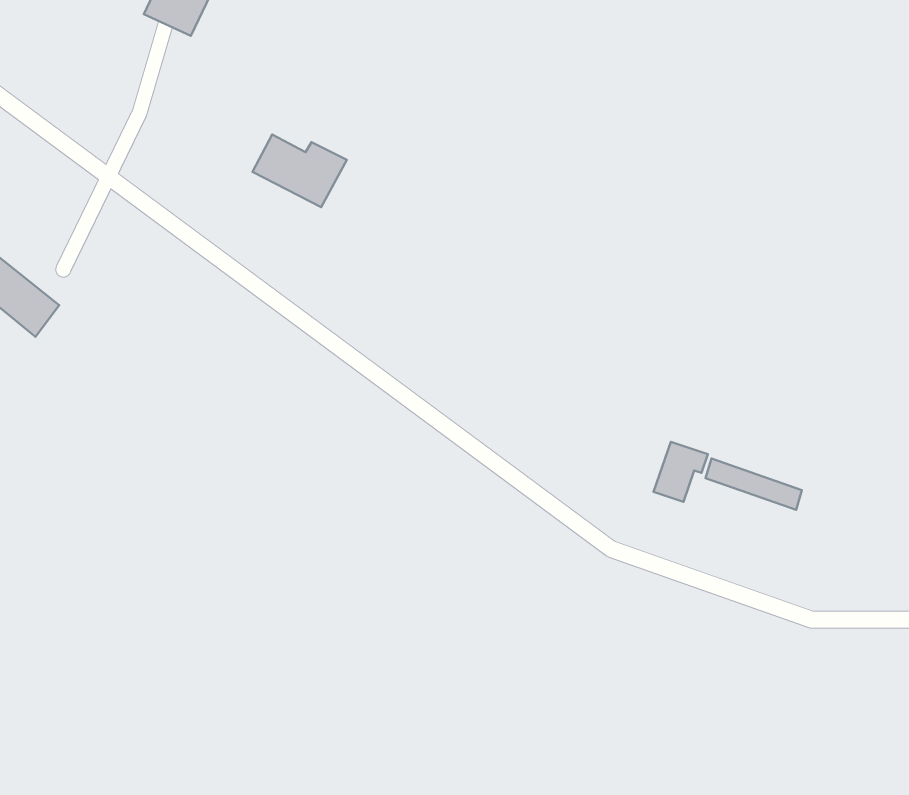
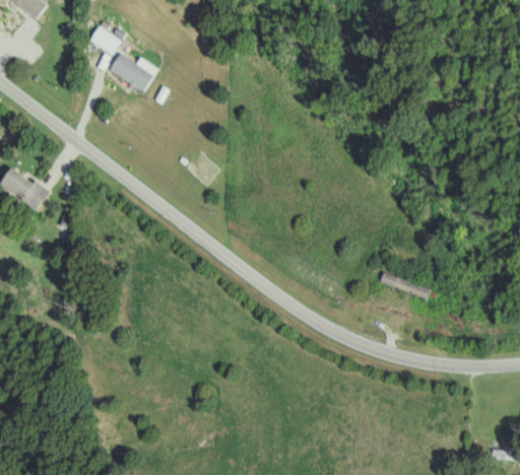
building: [253,134,347,207] -> [109,54,157,91]
building: [653,442,708,502] -> none

